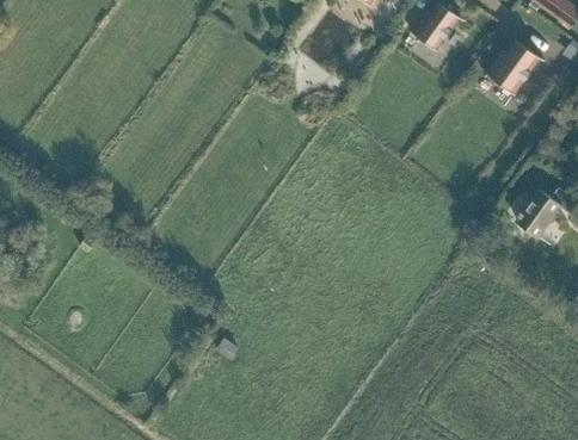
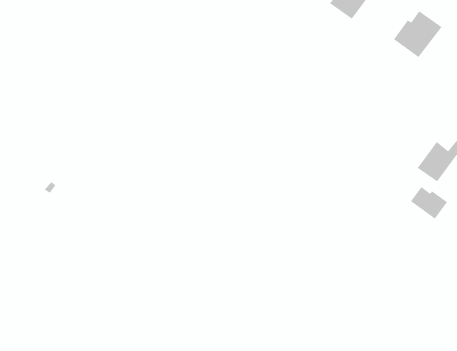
building: none -> [410,186,448,219]

